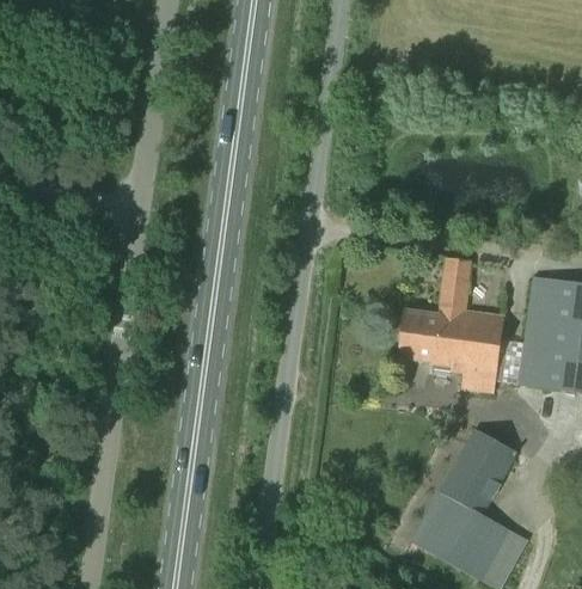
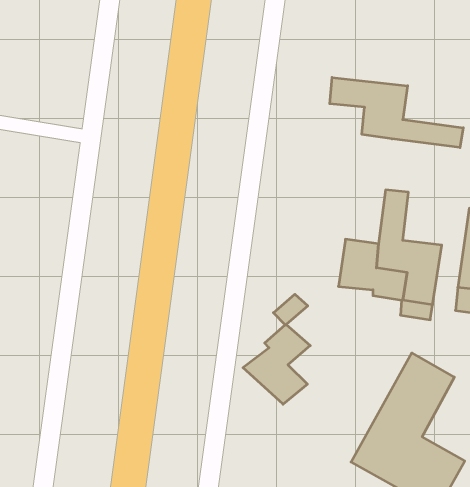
building: none -> [330,77,463,148]
building: none -> [243,294,310,404]

